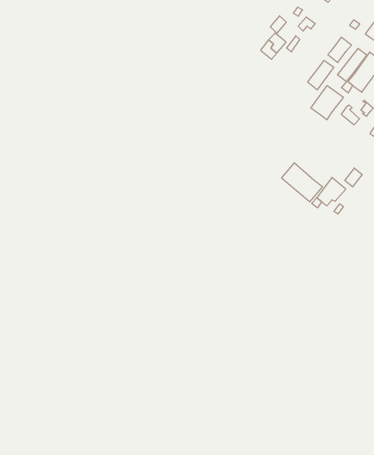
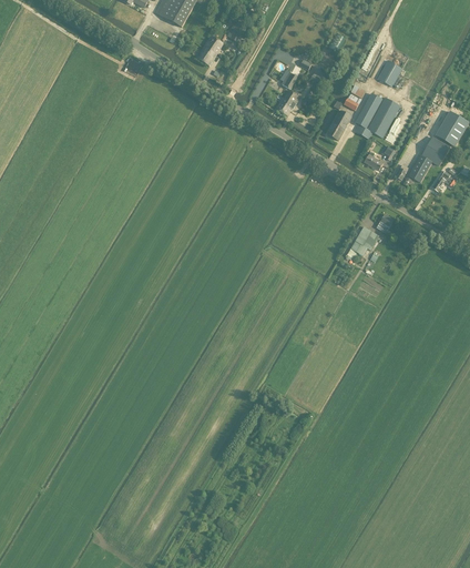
building: [311,86,343,120] -> none
building: [282,163,322,202] -> none

